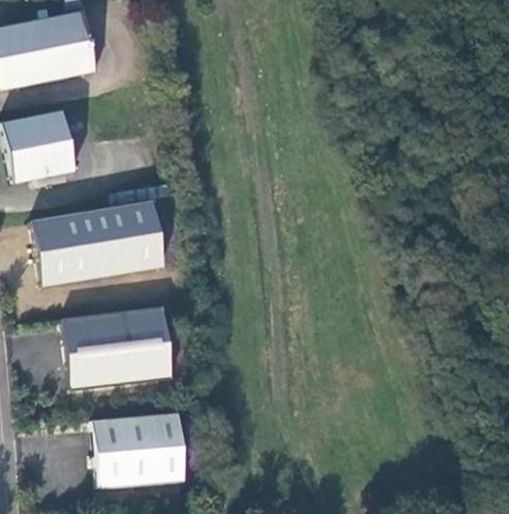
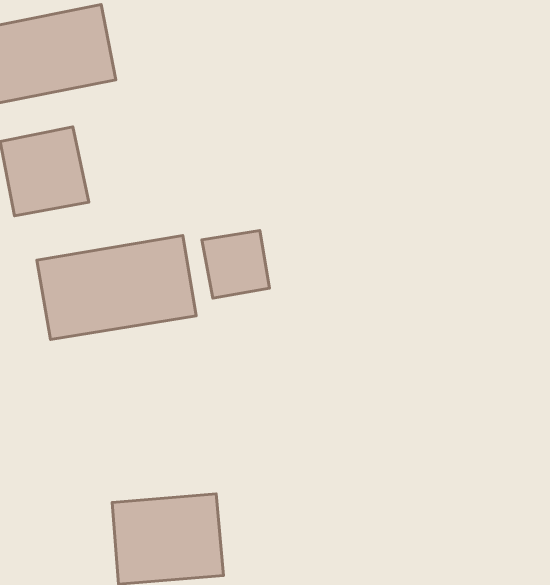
building: none -> [202,231,270,298]
building: [63,306,173,389] -> none

